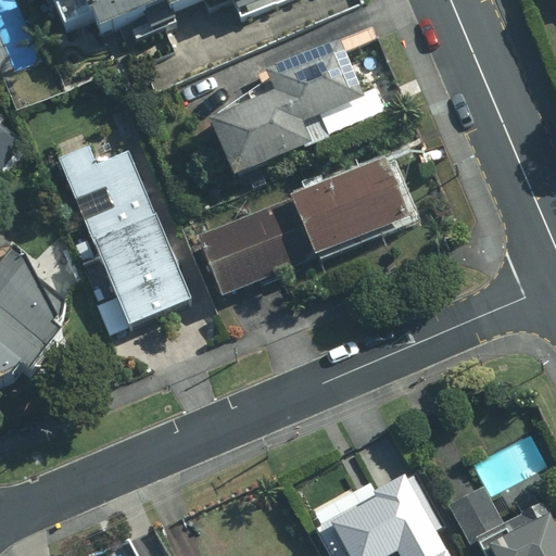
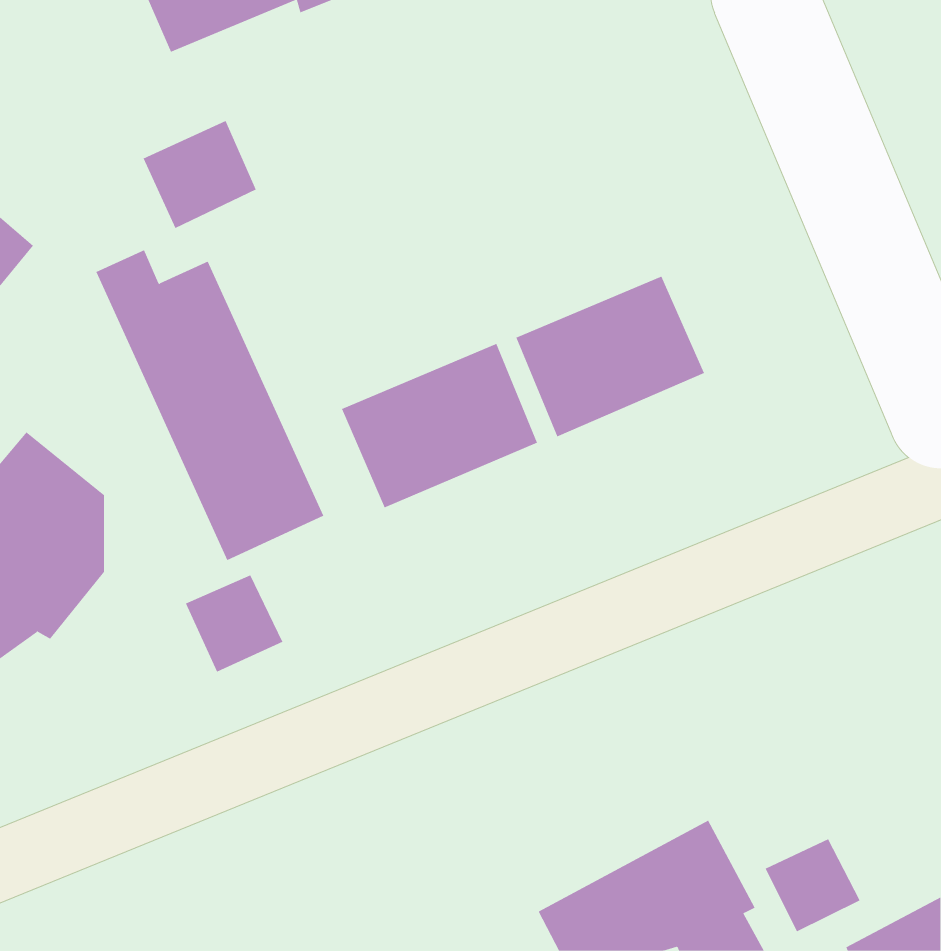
building: [213,43,364,176] -> none
building: none -> [143,120,256,229]
building: none -> [185,574,283,672]

